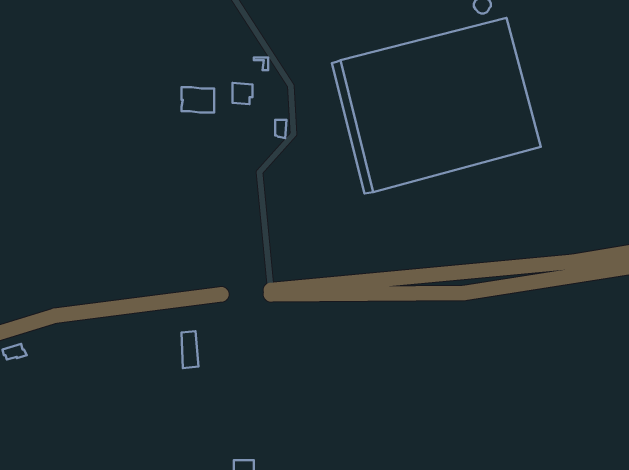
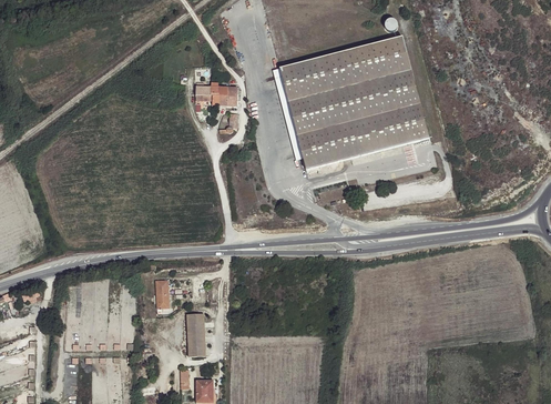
building: [181,87,214,113] -> [211,85,236,105]
building: none -> [186,313,204,355]

